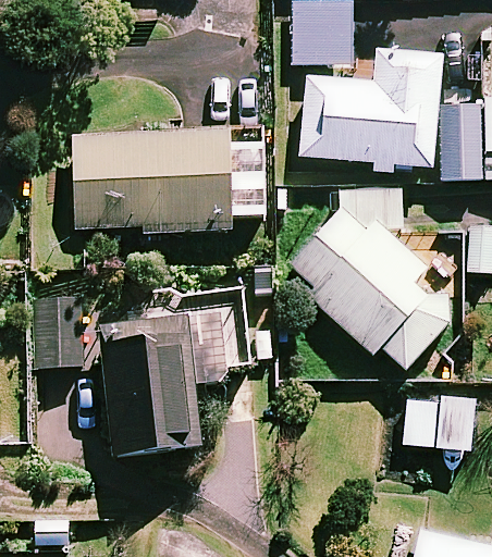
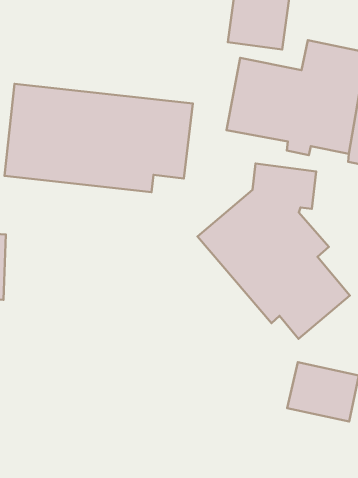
building: [101,312,234,451] -> none

